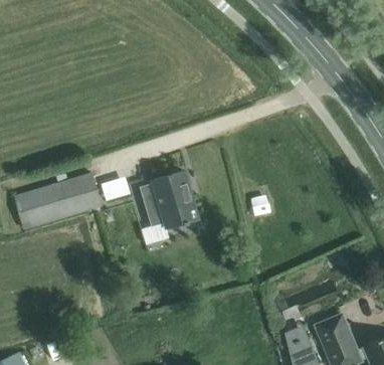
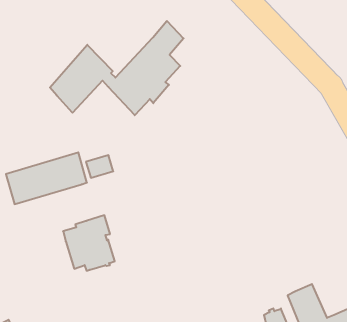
building: none -> [50,21,184,115]
building: [139,170,194,229] -> [63,215,115,271]

